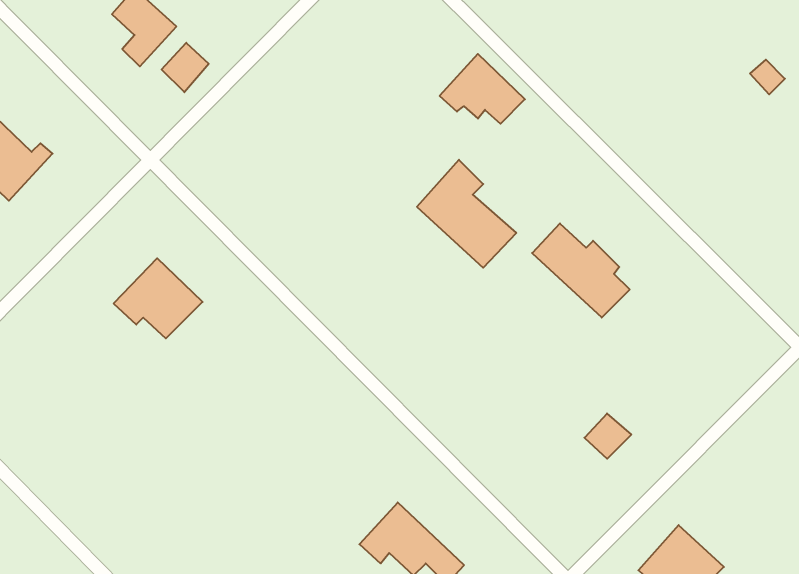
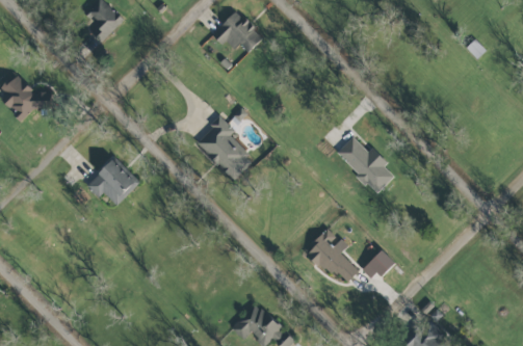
building: [162,43,209,92] -> none
building: [440,54,525,124] -> [212,9,263,51]
building: [417,160,516,268] -> [195,115,255,180]
building: none -> [305,229,359,282]

